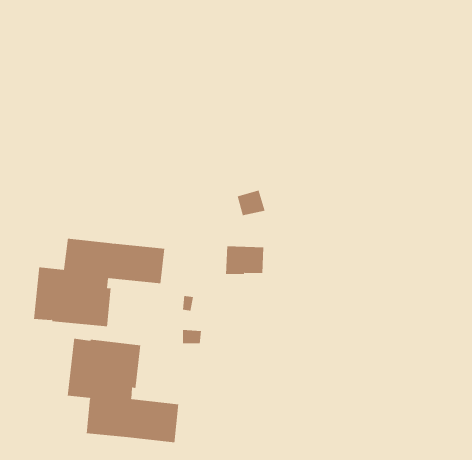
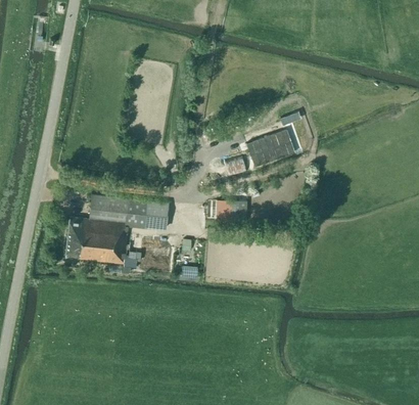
building: none -> [245,129,294,167]
building: [67,338,179,443] -> none

